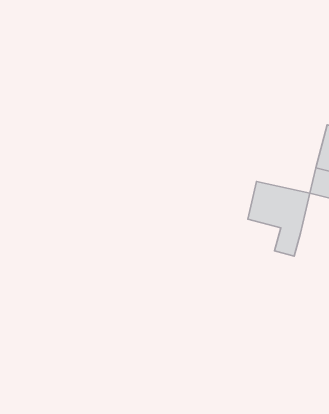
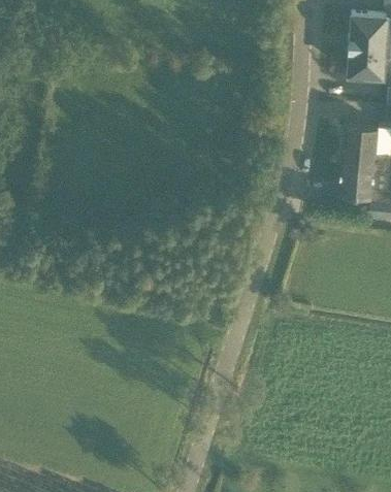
building: [248,182,310,256] -> none

